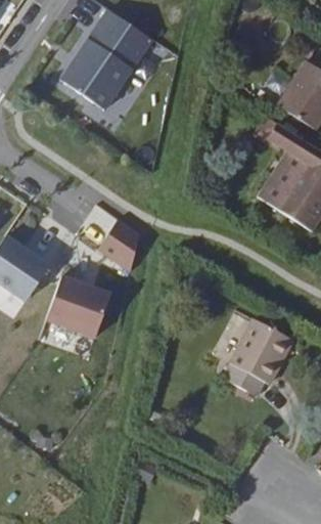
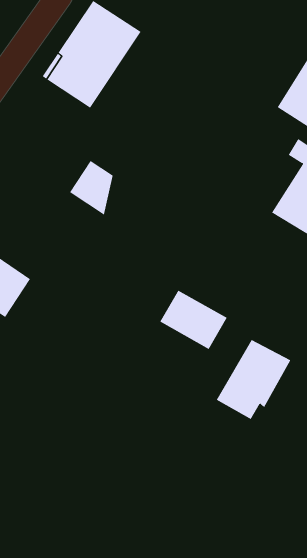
building: [99,218,140,269] -> [69,160,113,215]
building: [47,273,110,337] -> none
building: none -> [159,290,227,350]

